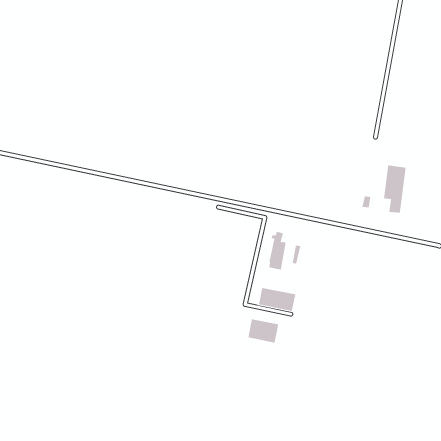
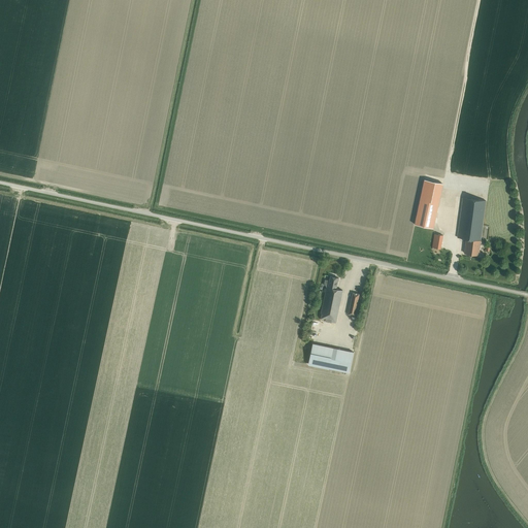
building: none -> [415,179,443,228]
building: [248,318,279,343] -> none

